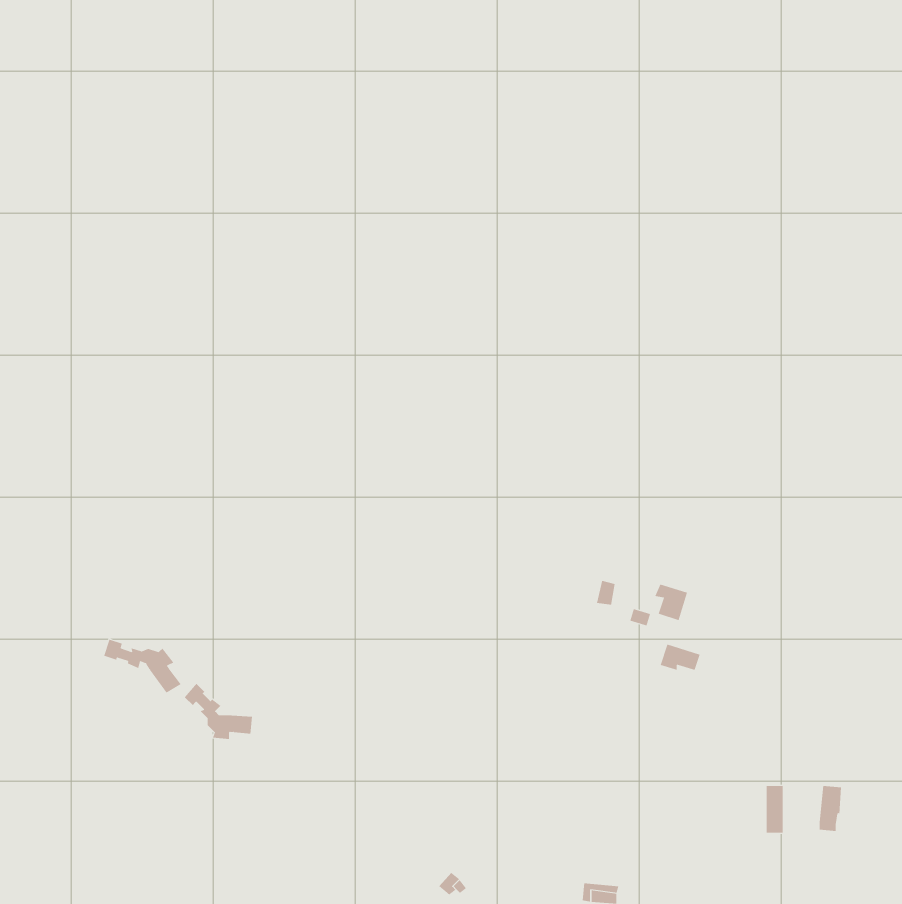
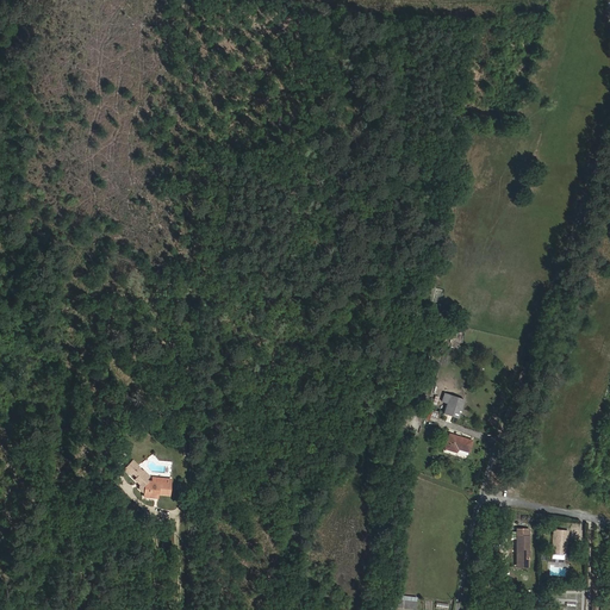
building: [104,639,181,693] -> none

